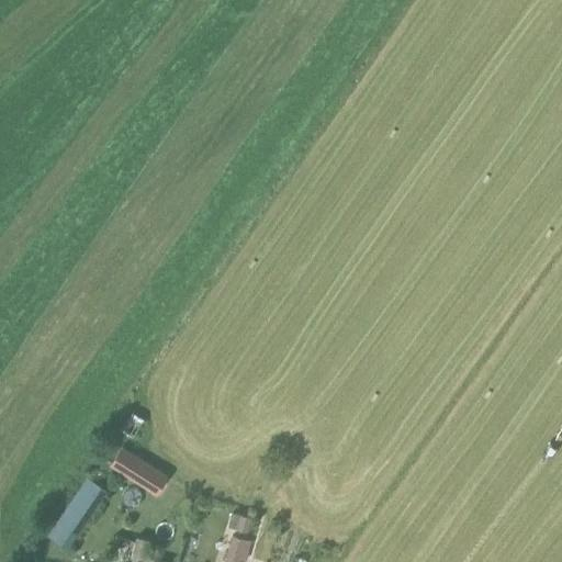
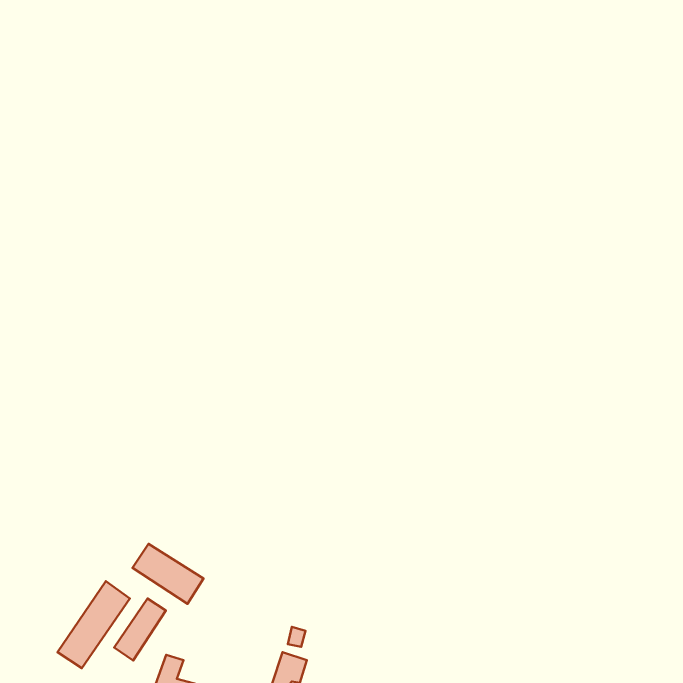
building: none -> [114,599,166,660]

